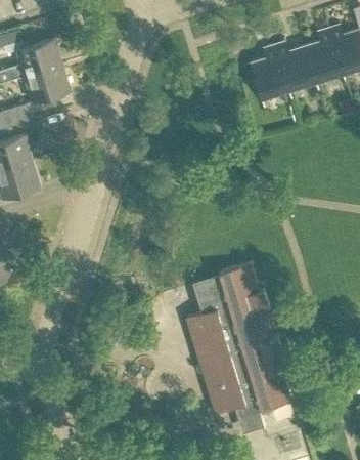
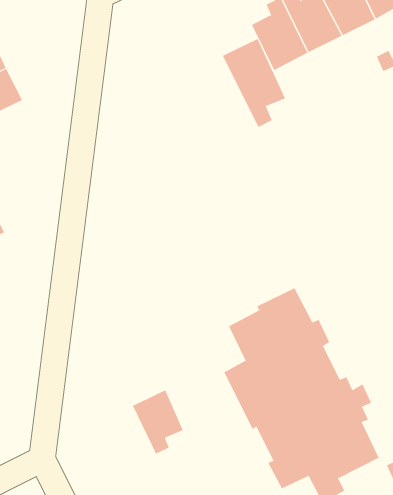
building: none -> [222,38,286,128]
building: none -> [132,389,184,454]

